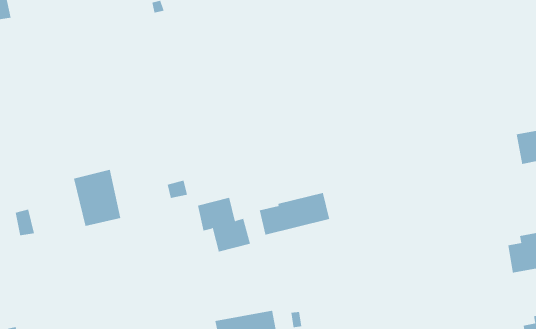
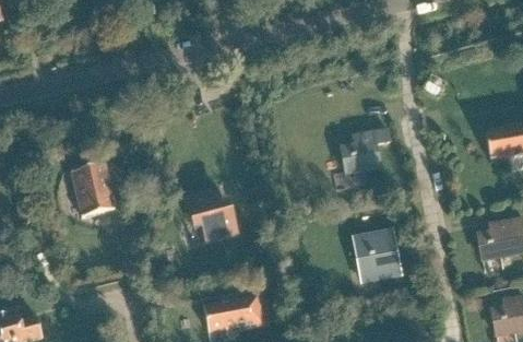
building: none -> [341,129,390,174]
building: [259,192,330,235] -> none
building: none -> [355,229,401,281]

